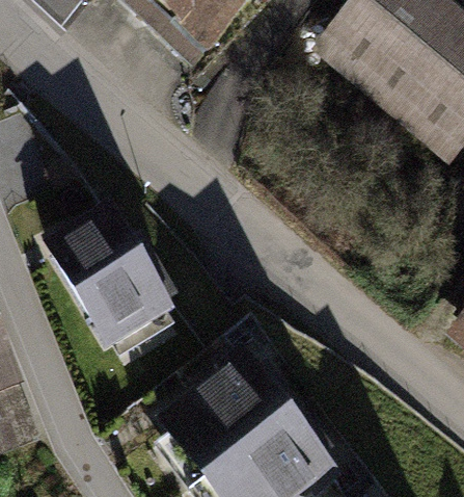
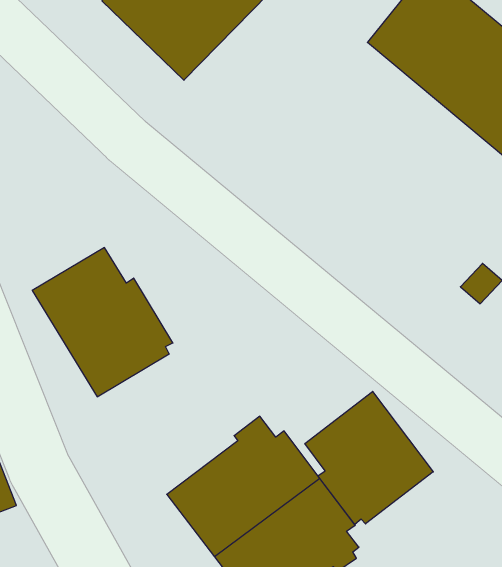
building: none -> [305,391,433,525]

